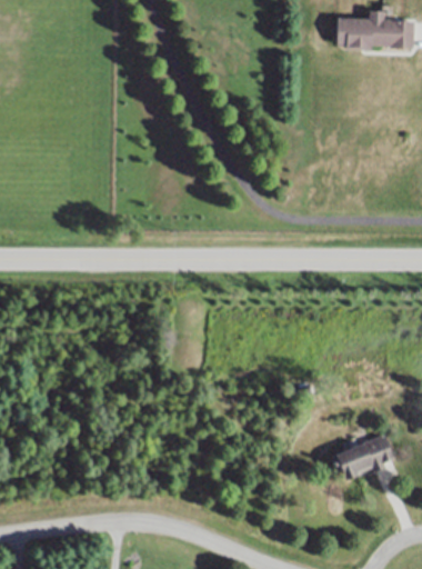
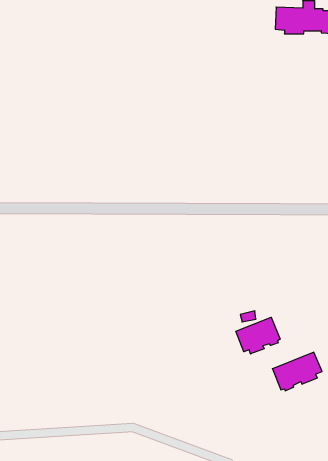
building: none -> [236,317,280,354]

